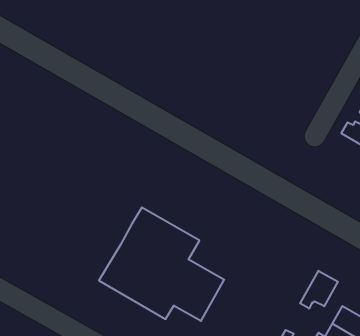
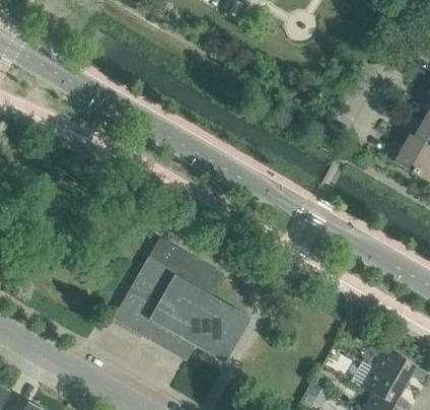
building: [300,271,338,309] -> none

